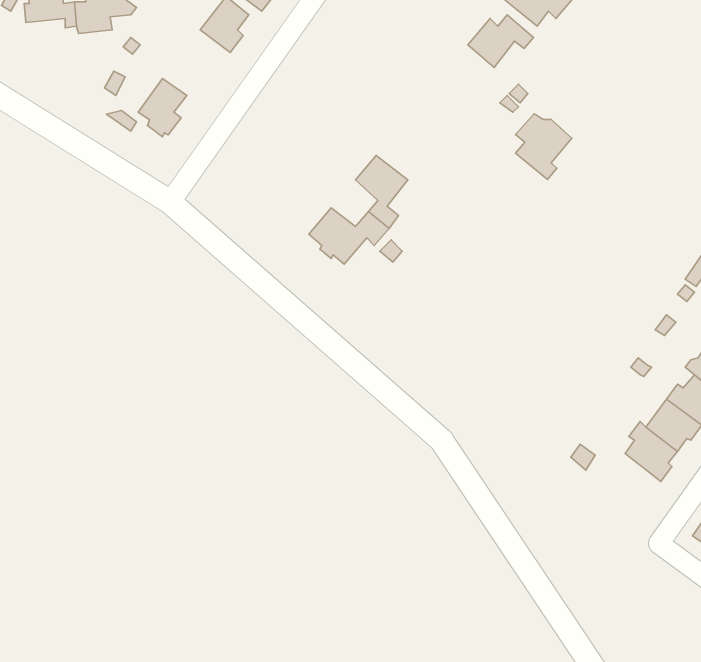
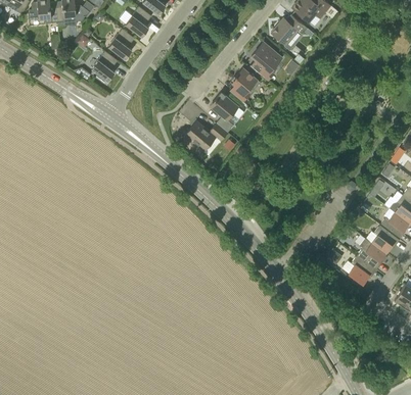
building: none -> [109,28,135,58]
building: none -> [230,66,261,101]
building: [516,114,572,180] -> [252,44,282,80]
building: none -> [342,254,377,284]

